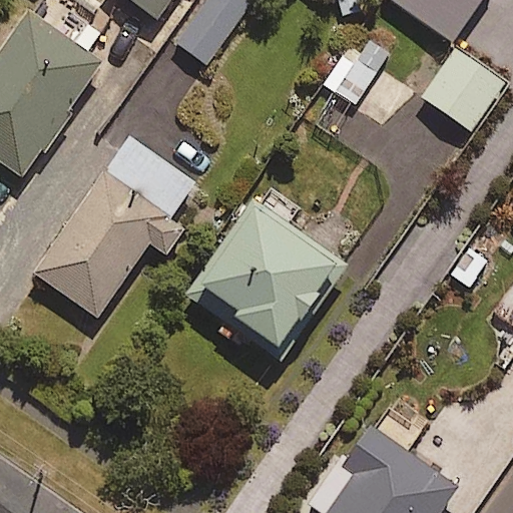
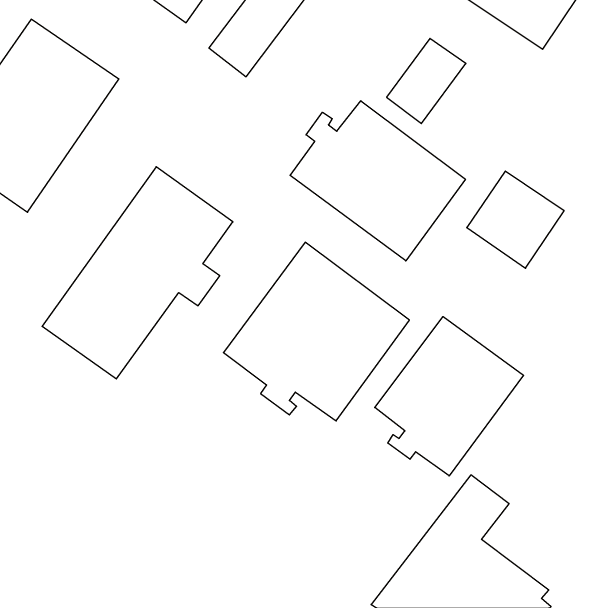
building: [421,50,502,131] -> [467,171,564,268]
building: none -> [290,101,465,261]
building: none -> [375,317,524,476]

